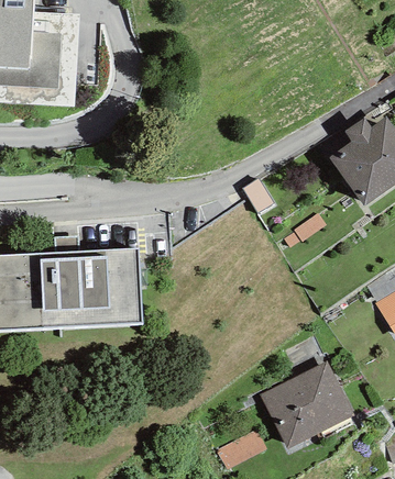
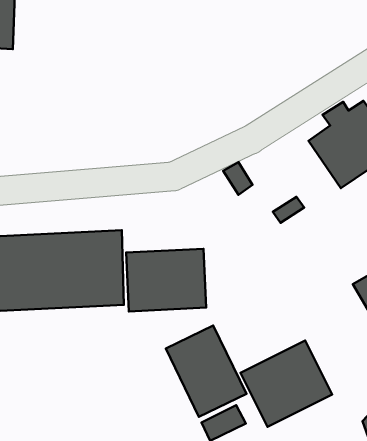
building: none -> [126,249,206,311]
building: none -> [166,326,246,417]

